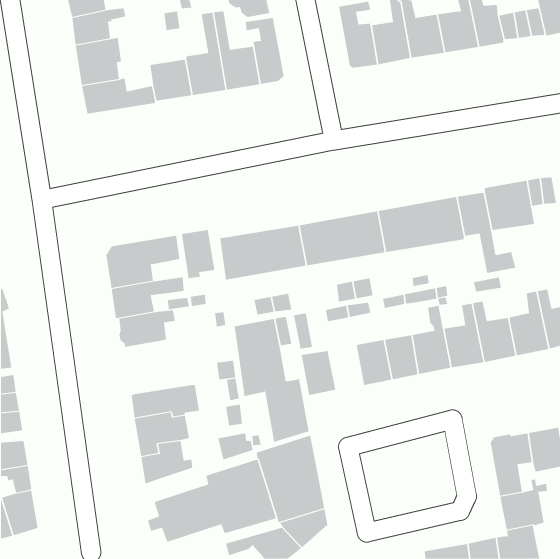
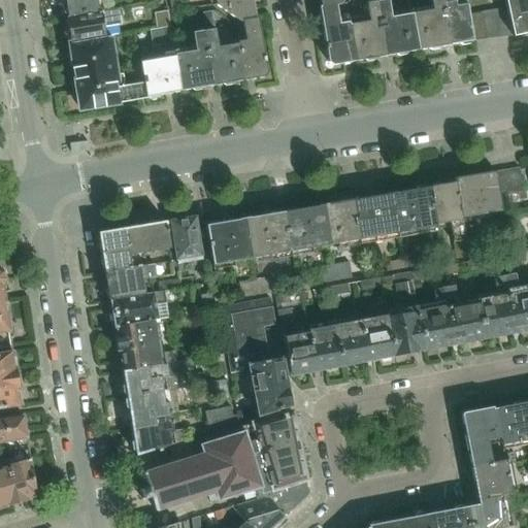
building: none -> [119,320,176,370]
building: none -> [309,324,342,366]

